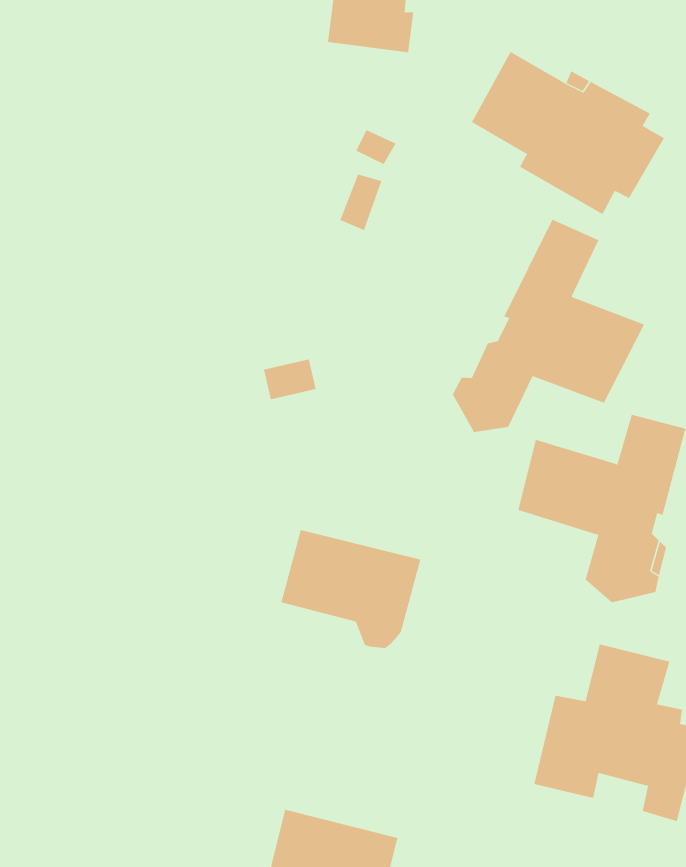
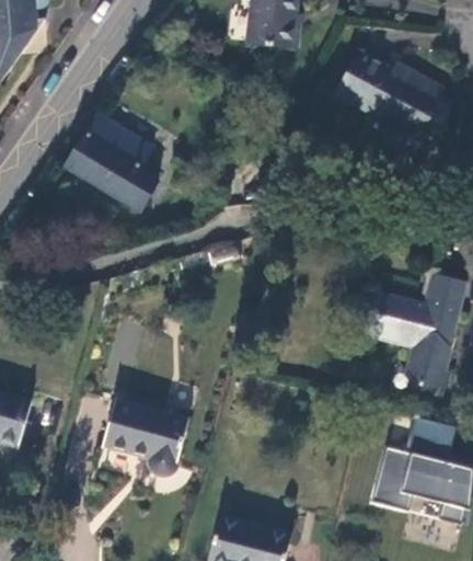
building: none -> [66,115,157,210]
building: [452,219,645,433] -> none
building: [281,529,421,649] -> [103,401,189,474]

